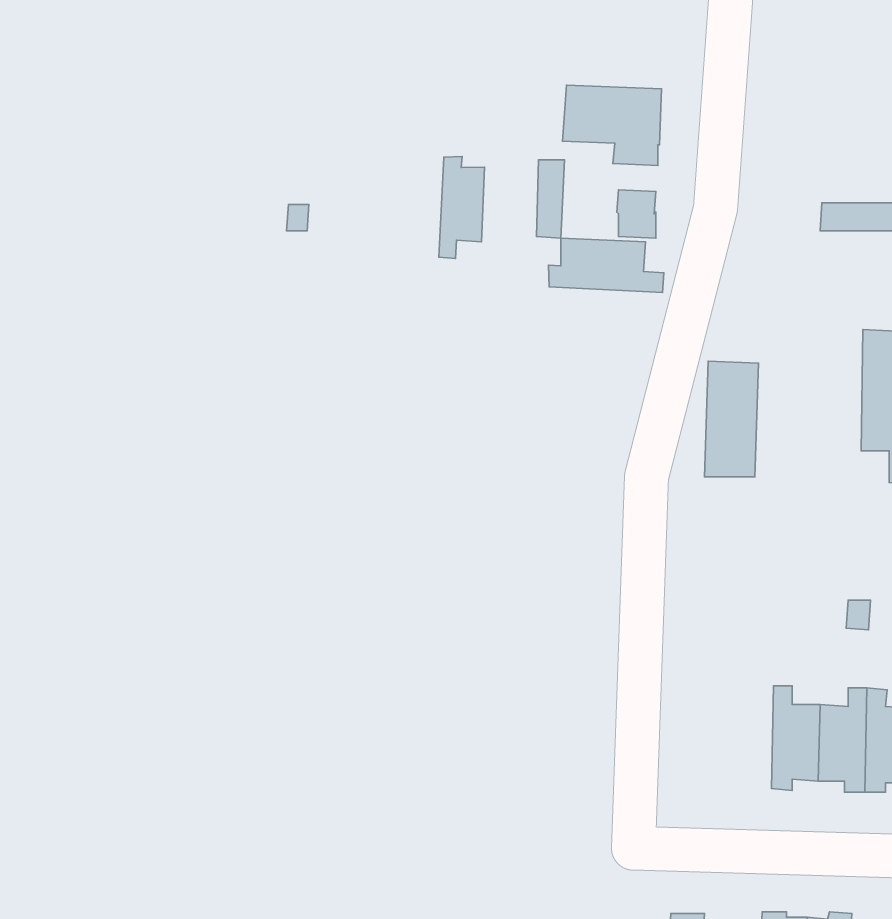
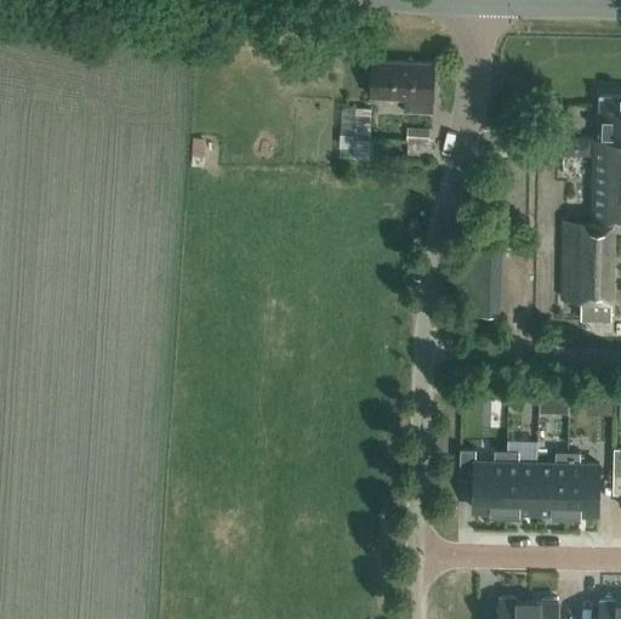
building: [439,156,485,258] -> none
building: [549,238,664,292] -> none
building: none -> [460,452,507,519]

